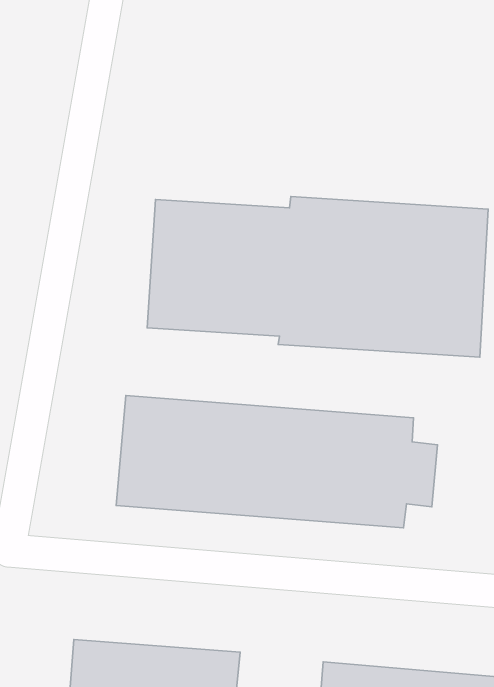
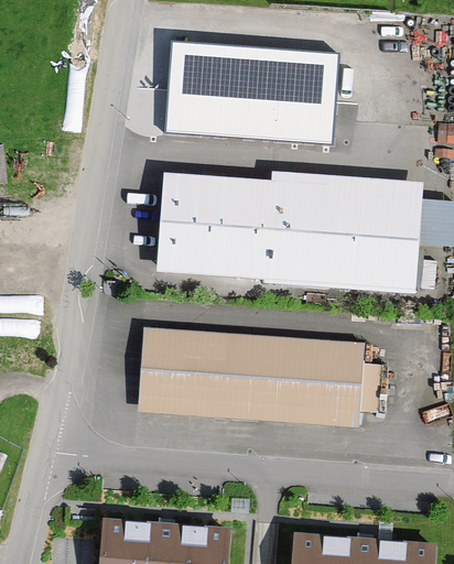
building: none -> [165,37,343,144]

